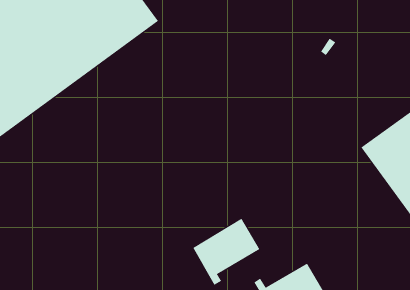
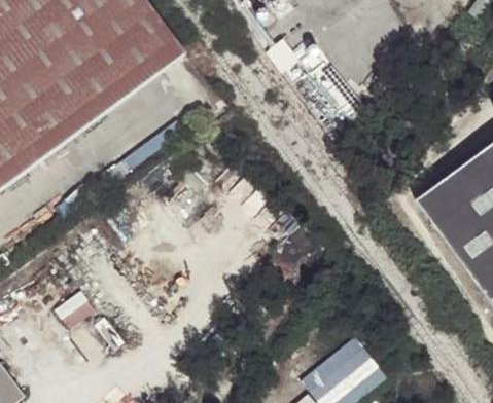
building: [192,218,260,286] -> none

